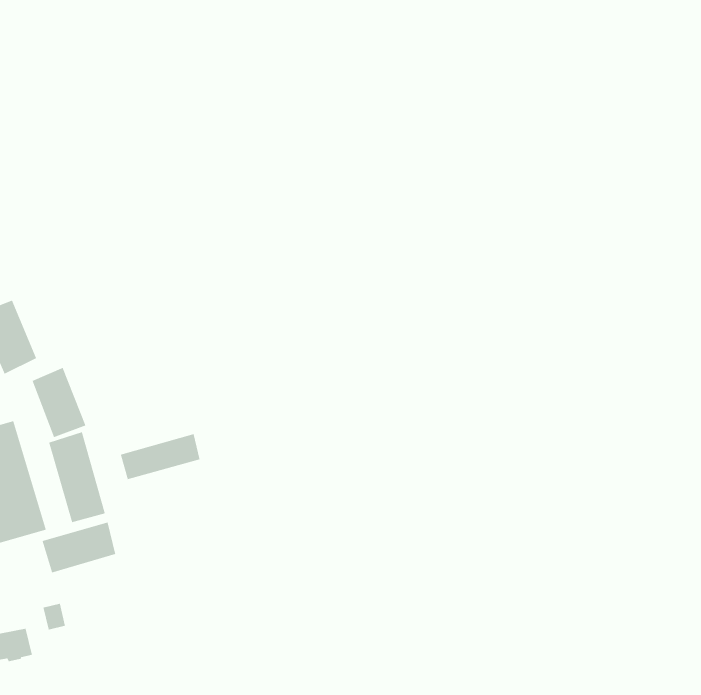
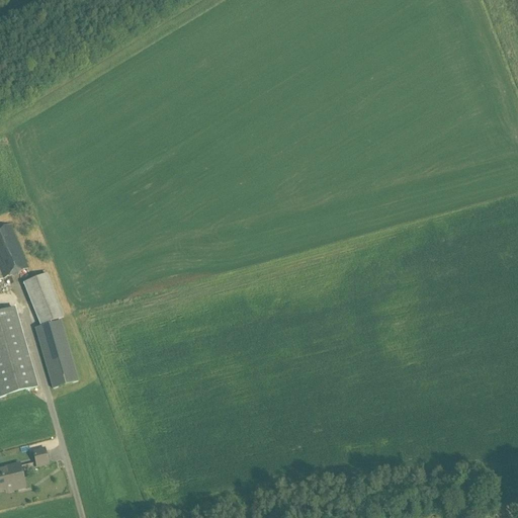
building: [120,433,201,480] -> none
building: [41,522,116,573] -> none

